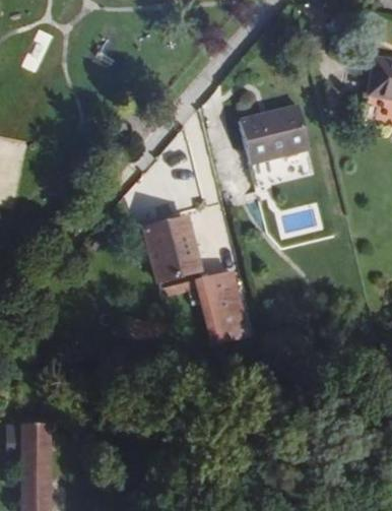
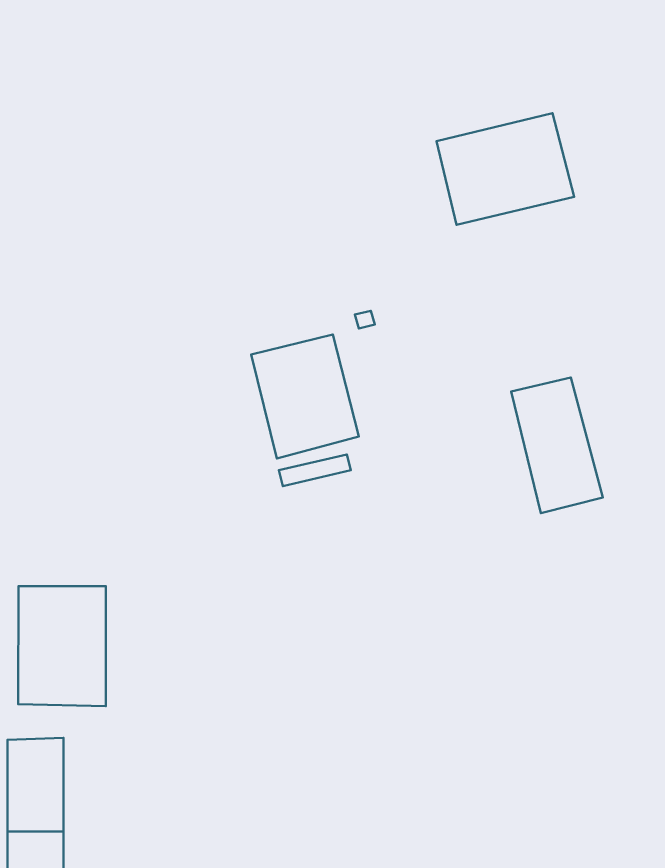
building: [201,271,248,340] -> [511,378,603,513]
building: none -> [18,586,106,706]

